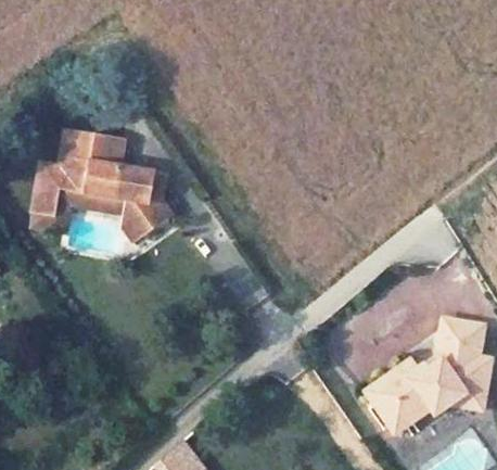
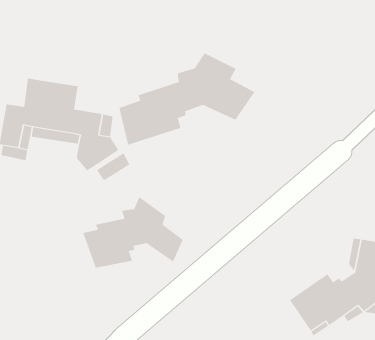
building: none -> [119,53,255,146]
building: none -> [83,196,184,268]

